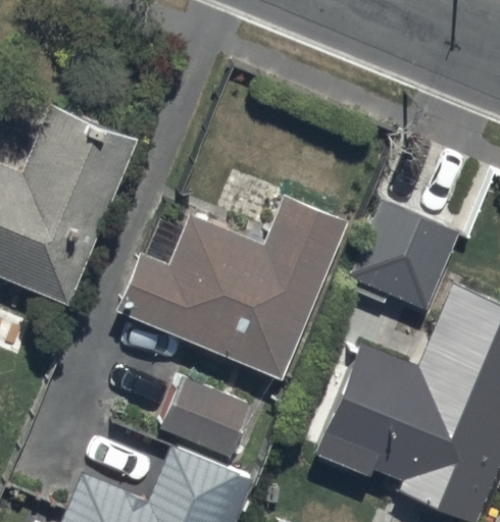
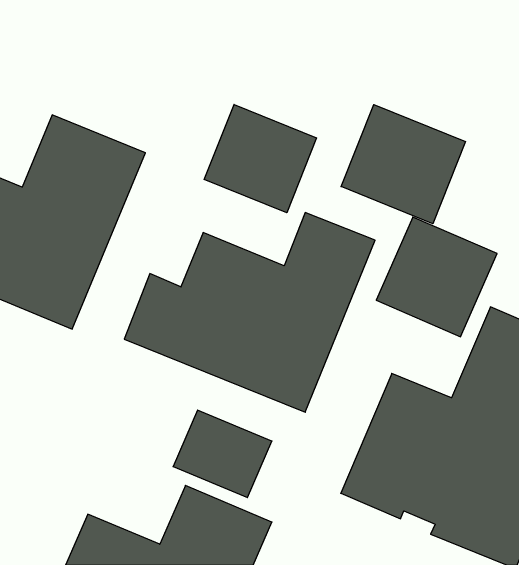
building: none -> [204,104,317,213]
building: none -> [341,105,465,224]

